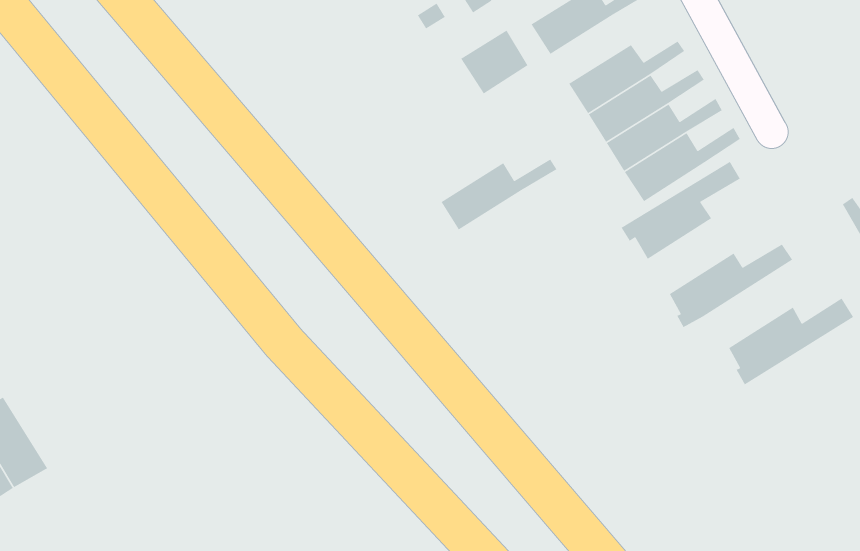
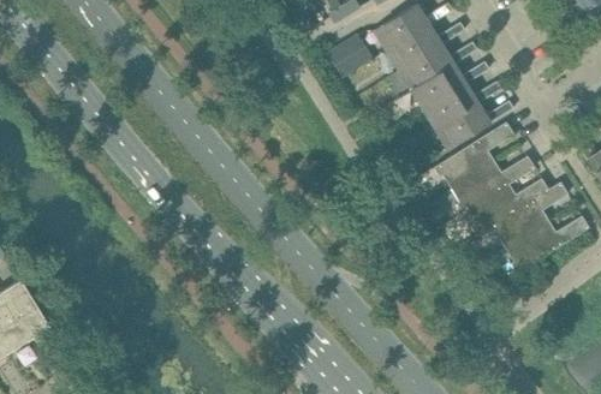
building: [441,159,558,230] -> [386,22,464,70]
building: none -> [451,155,535,211]
building: none -> [488,180,567,246]

